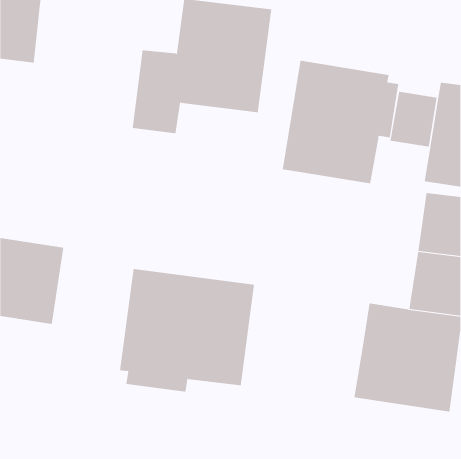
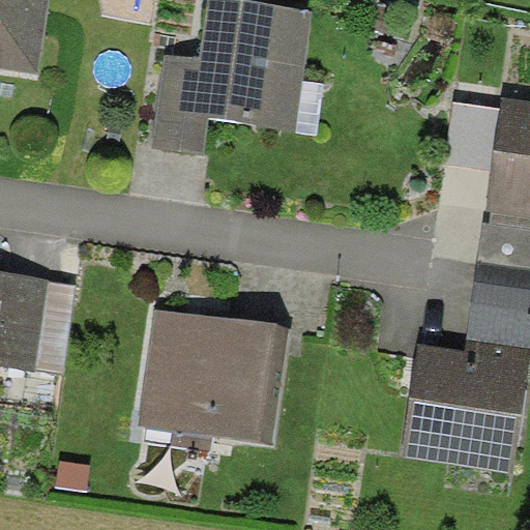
building: [282,60,399,184] -> none

